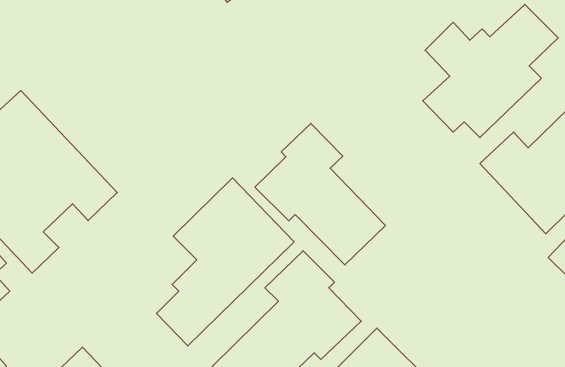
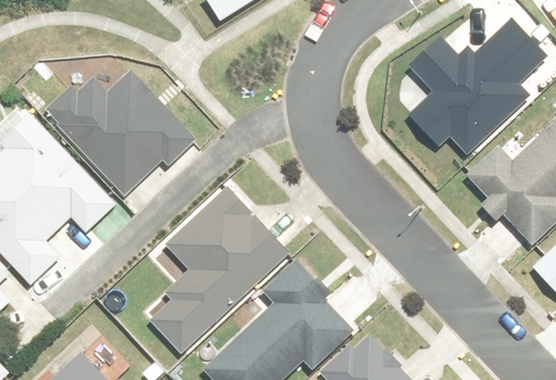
building: none -> [47,72,190,192]
building: [255,123,385,265] -> none

